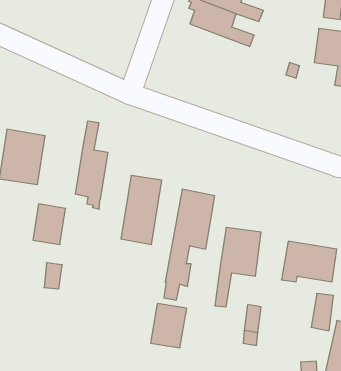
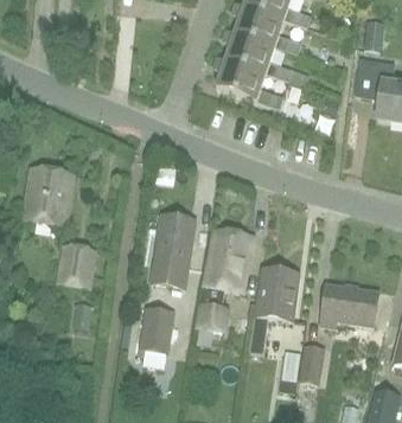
building: none -> [213,52,282,105]
building: [76,121,108,209] -> none
building: [311,293,334,331] -> [300,344,324,383]
building: [151,304,187,348] -> [138,306,176,352]

